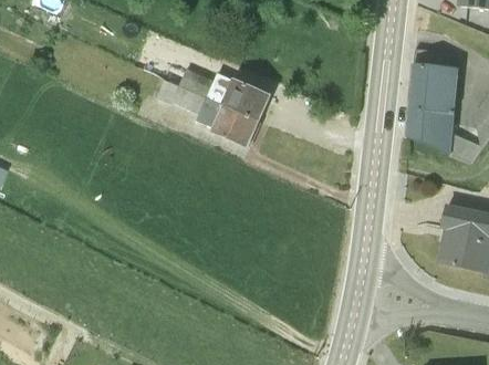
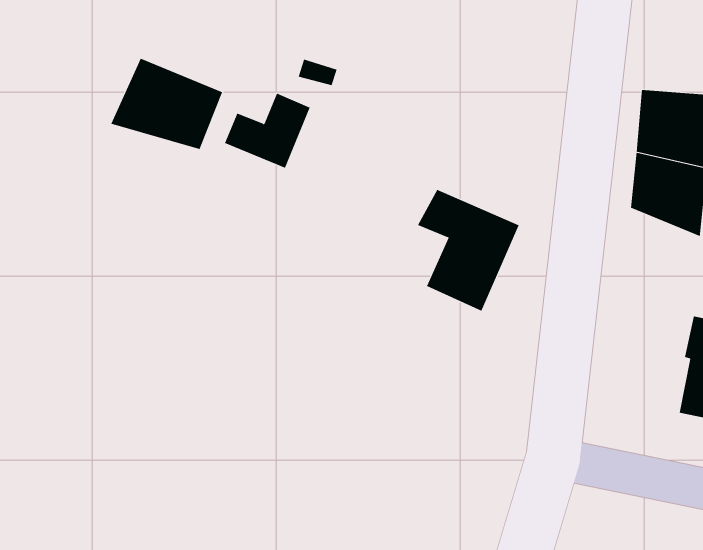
building: none -> [110,58,223,150]
building: [207,75,270,150] -> [417,189,520,311]

